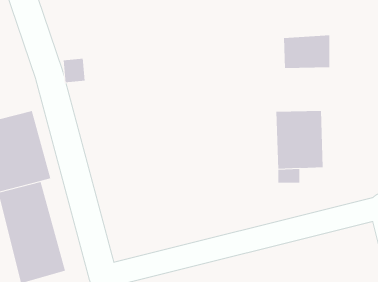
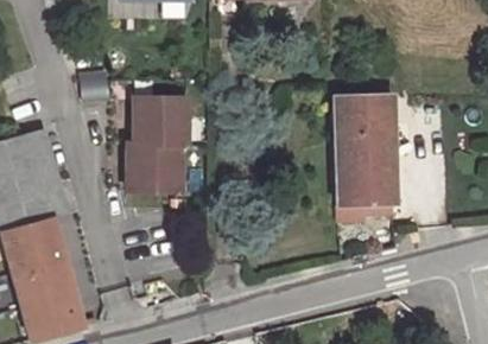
building: [283,35,330,68] -> [337,96,394,136]
building: none -> [129,100,189,193]

